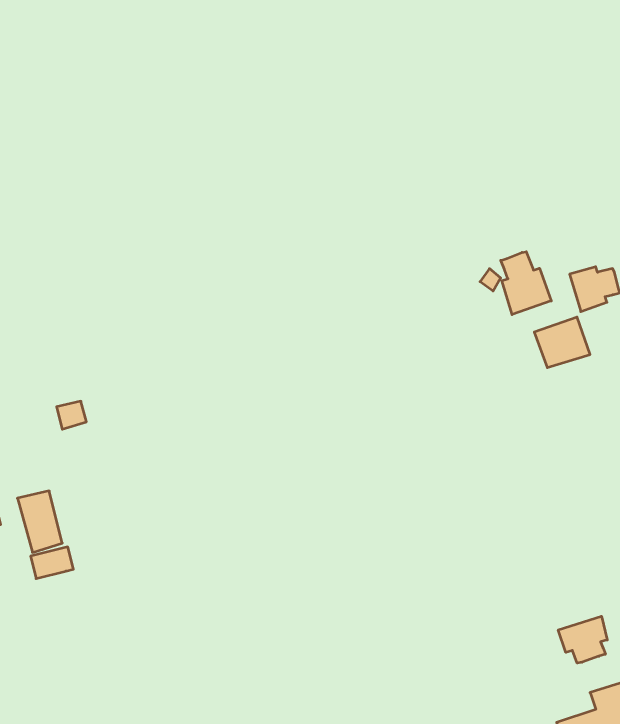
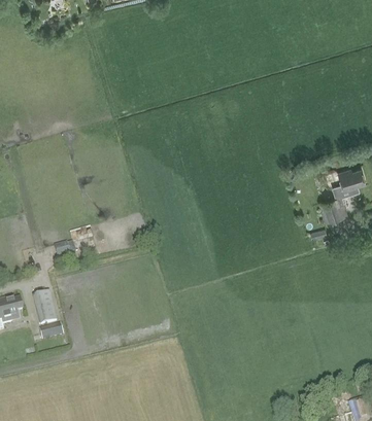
building: [501,252,551,315] -> none
building: [558,616,607,663] -> none

